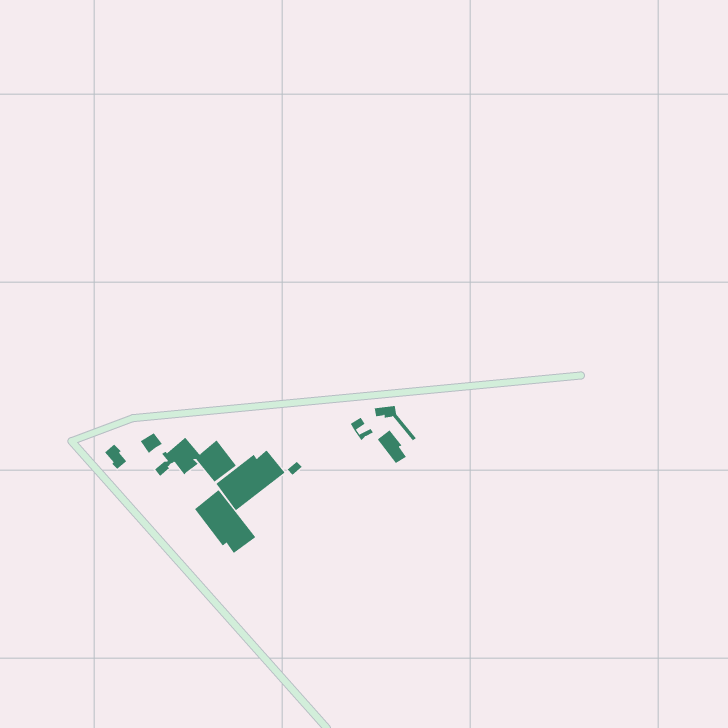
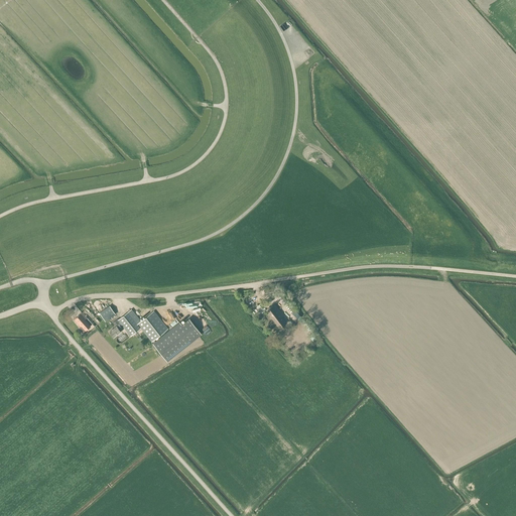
building: [194,489,256,554] -> none

